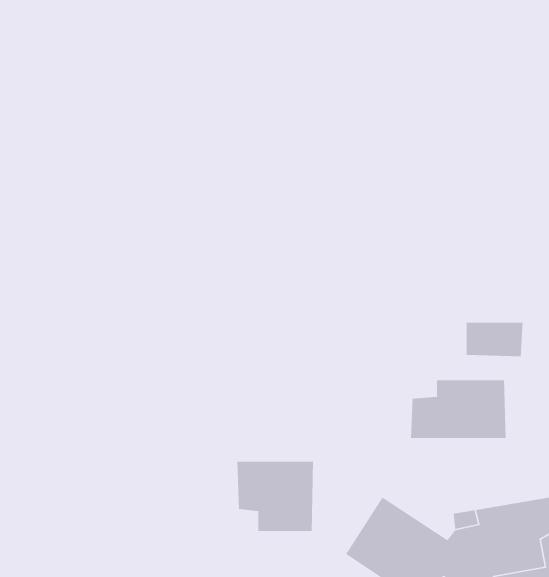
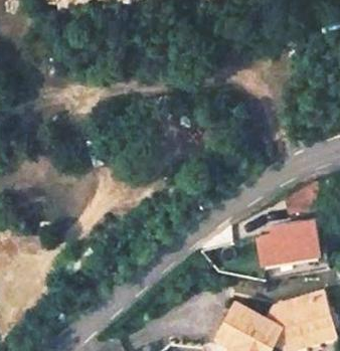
building: [237,461,314,532] -> none

